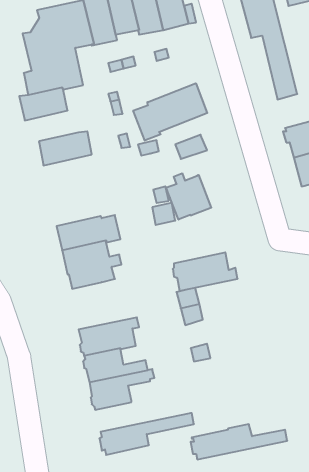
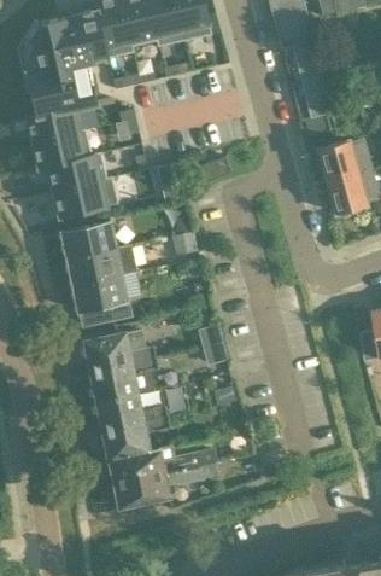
building: [133,83,207,141] -> none
building: none -> [31,129,90,168]
building: none -> [52,178,117,219]
building: [166,173,211,220] -> none
building: none -> [61,221,115,257]
building: [173,252,238,291] -> [83,328,154,371]
building: [191,424,287,459] -> [107,444,213,483]

